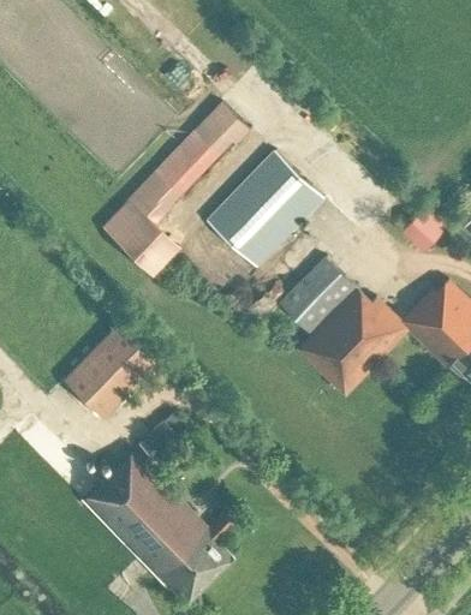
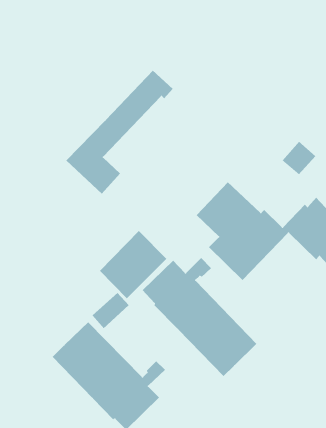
building: [208,151,323,268] -> none
building: [60,322,155,418] -> [99,230,167,299]
building: none -> [142,257,257,377]

